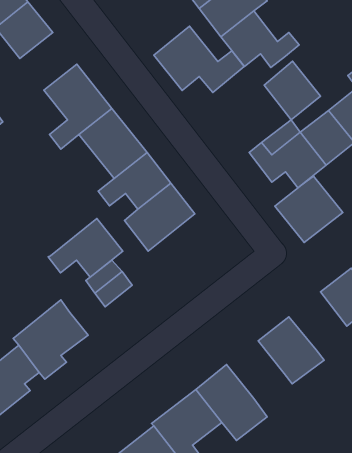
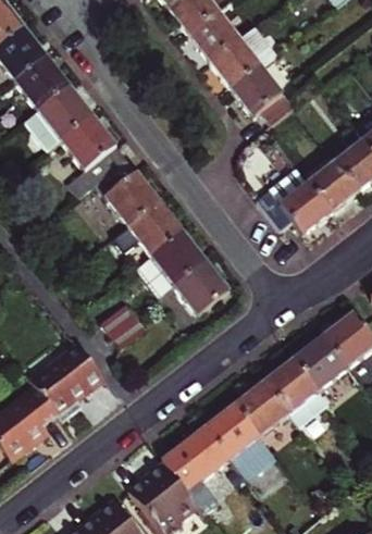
building: [154,26,244,93] -> none
building: none -> [24,84,91,149]
building: [264,61,321,120] -> none
building: [275,176,343,243] -> none
building: [48,218,123,277] -> [158,258,230,314]
building: none -> [295,333,350,388]
building: none -> [235,380,290,435]

